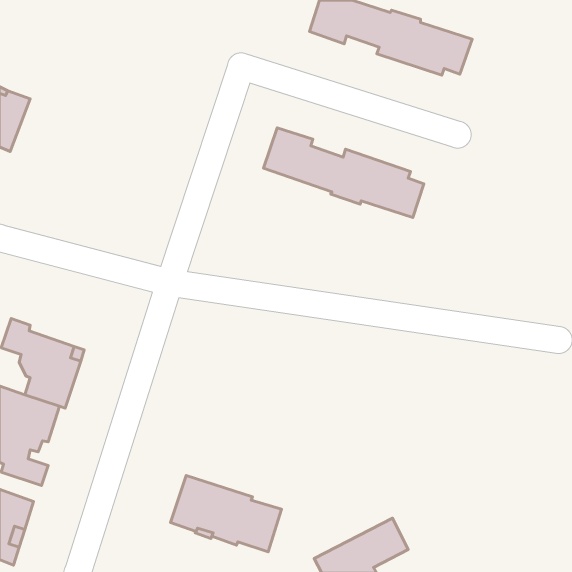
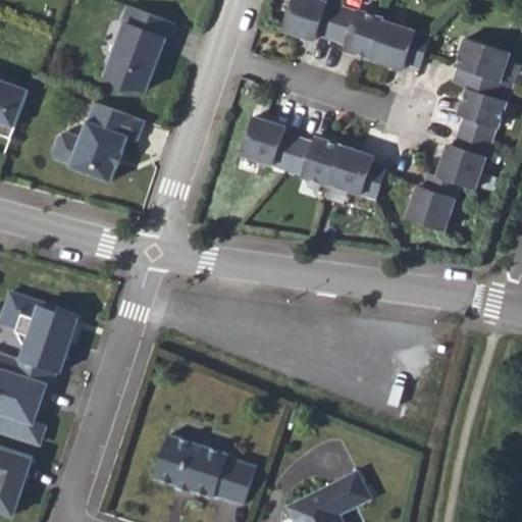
building: none -> [103,6,173,91]
building: none -> [405,37,512,229]
building: none -> [49,102,144,182]

